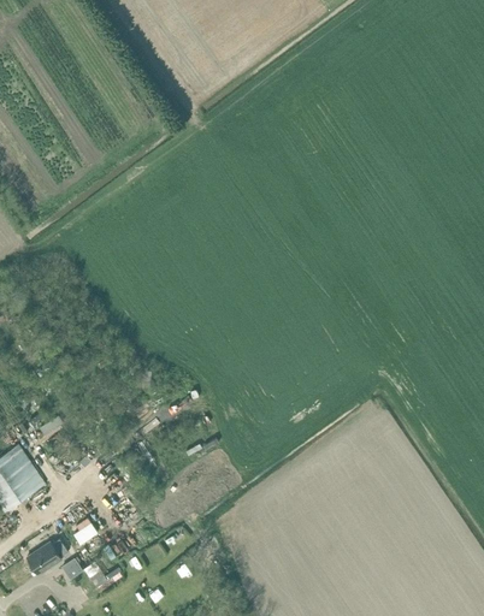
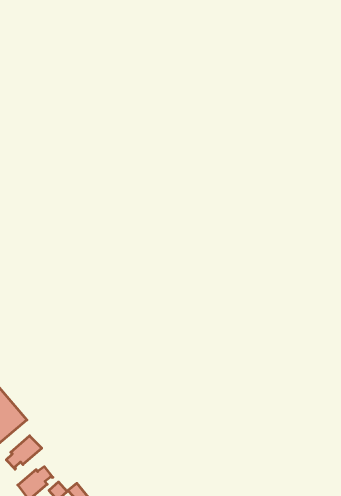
building: none -> [6,436,42,469]

